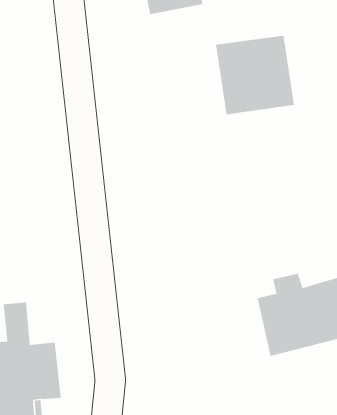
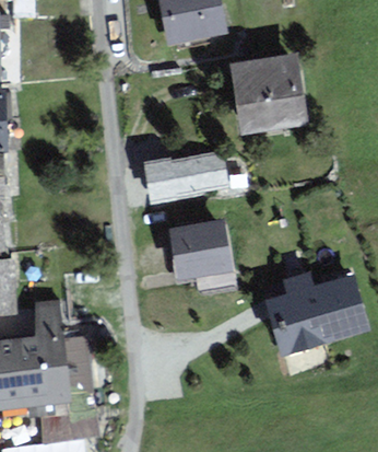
building: none -> [145,153,224,198]
building: none -> [173,223,228,277]

